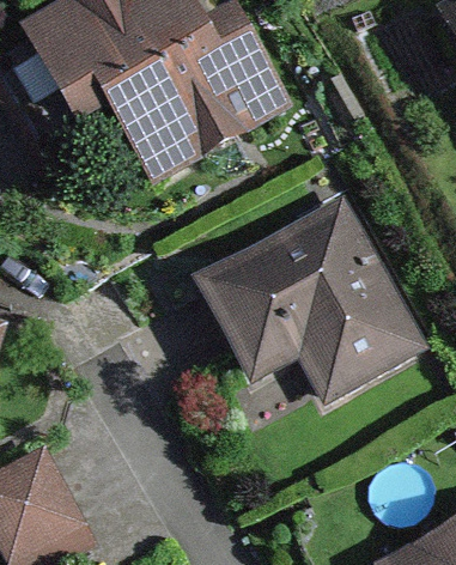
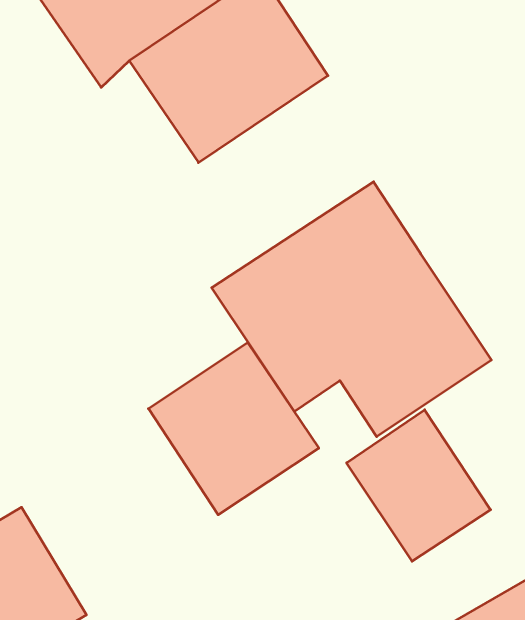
building: none -> [148,343,319,515]
building: none -> [347,410,491,561]

